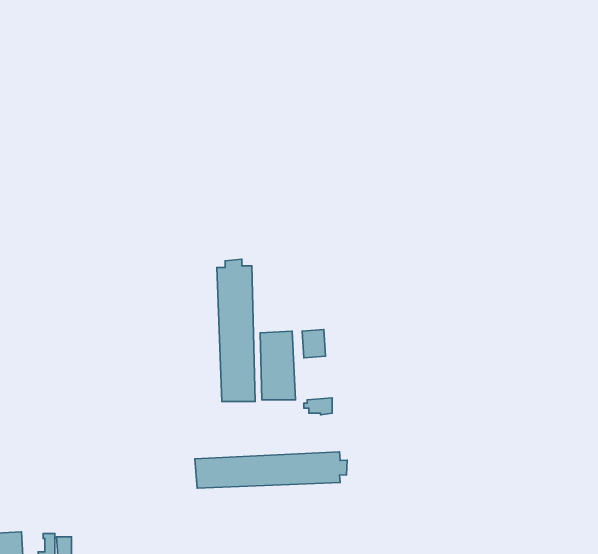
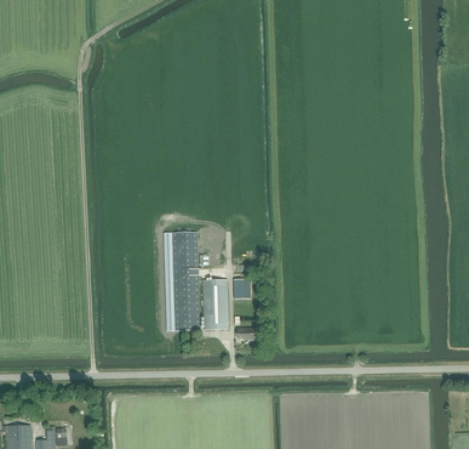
building: [195,452,347,488] -> none

